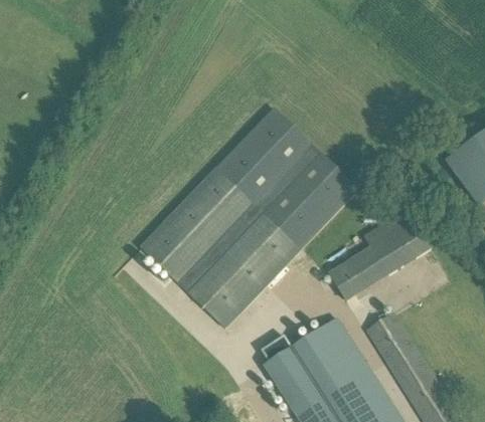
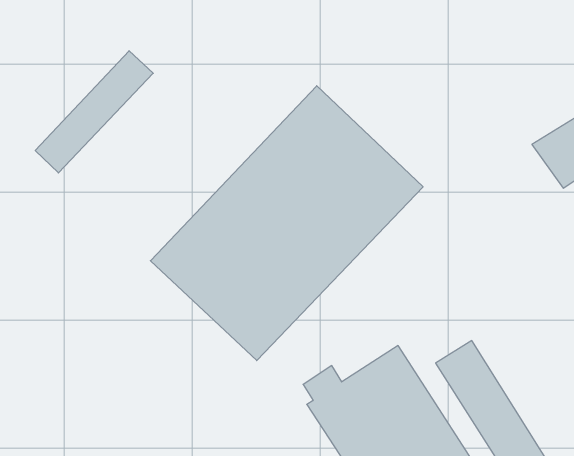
building: none -> [35,51,153,173]
building: [332,210,434,303] -> none

